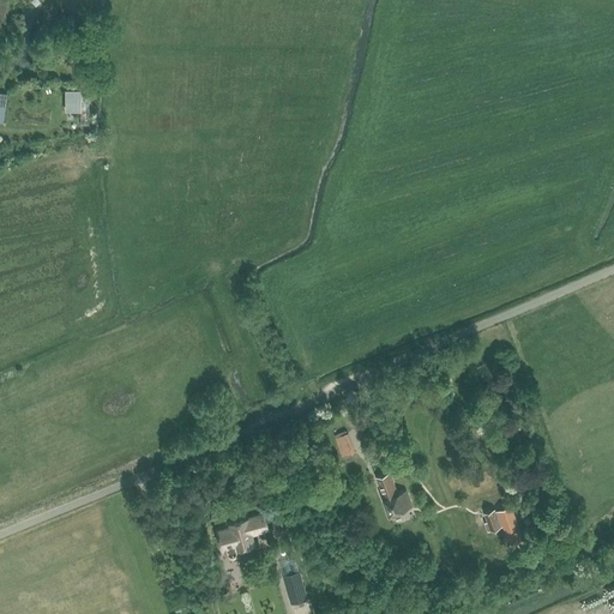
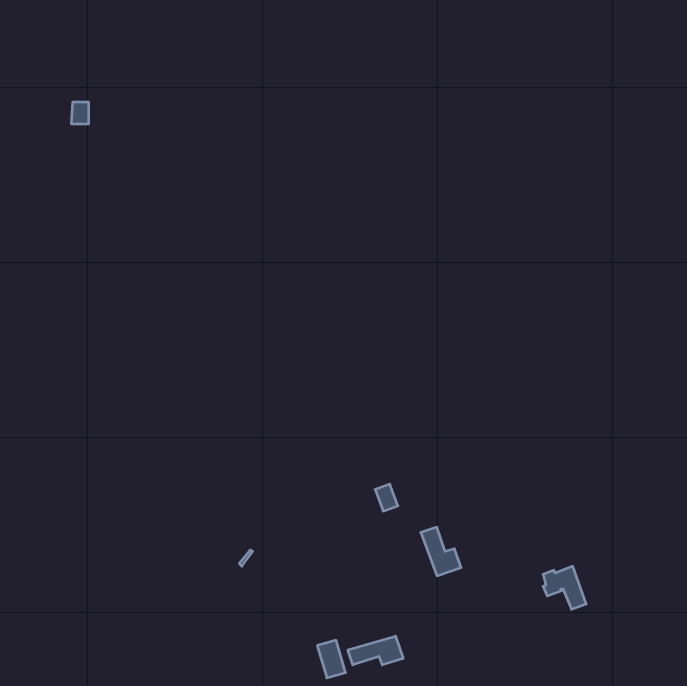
building: [217,517,267,555] -> none
building: none -> [348,636,403,665]

